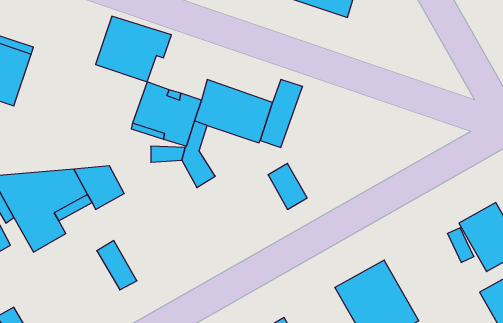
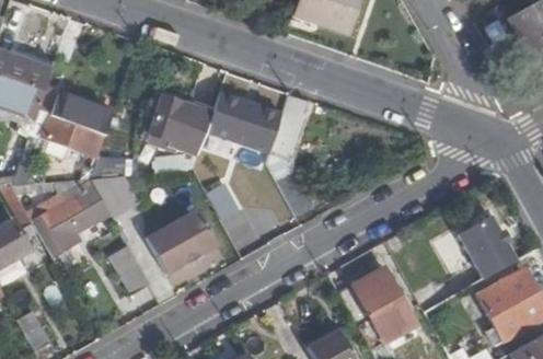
building: [96,16,171,82] -> [41,91,113,153]
building: none -> [147,208,219,271]

